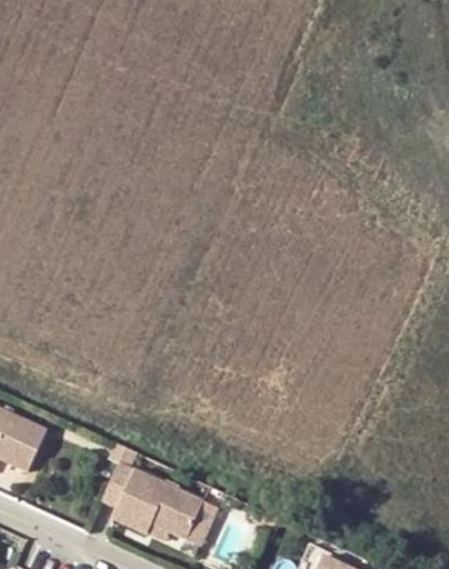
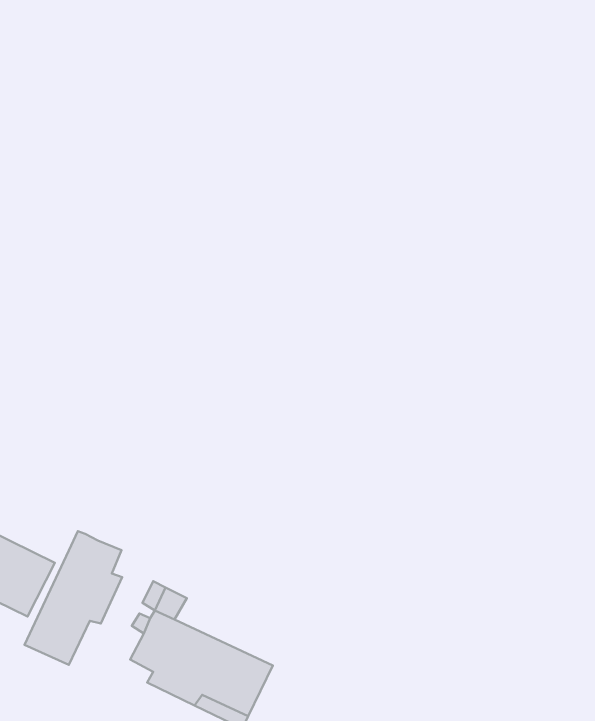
building: none -> [24,531,122,665]

